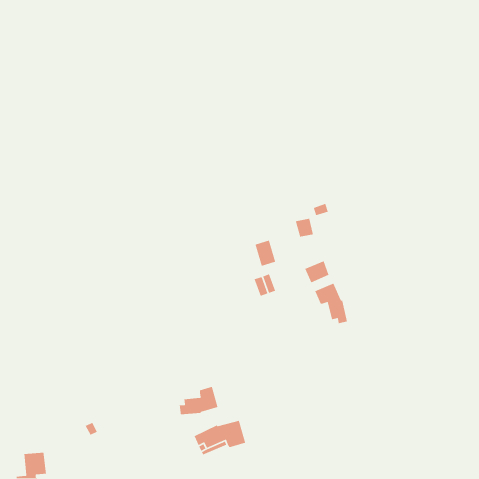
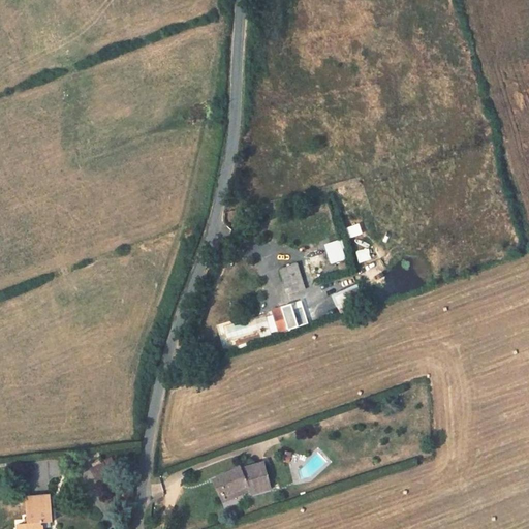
building: [314,282,348,324] -> none
building: [179,386,219,415] -> none

